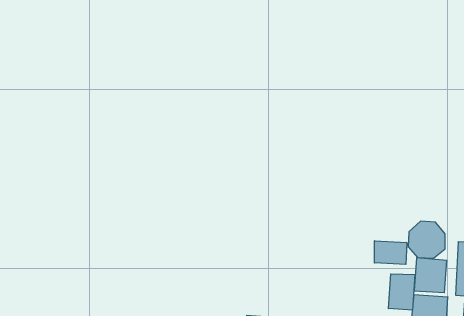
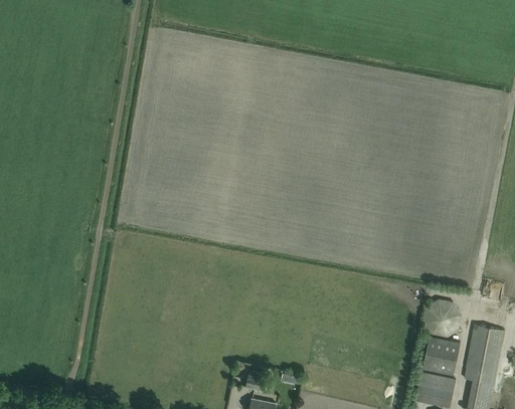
building: [374,241,407,264] -> none
building: [388,274,415,310] -> none

